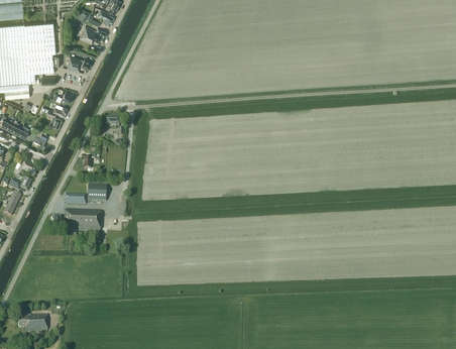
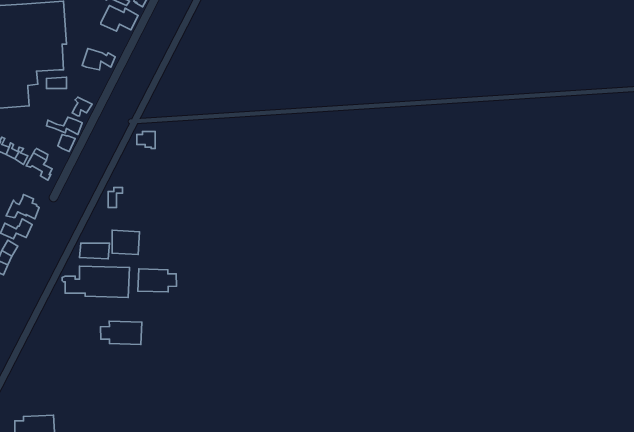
building: none -> [138,269,176,292]
building: none -> [100,321,142,344]

